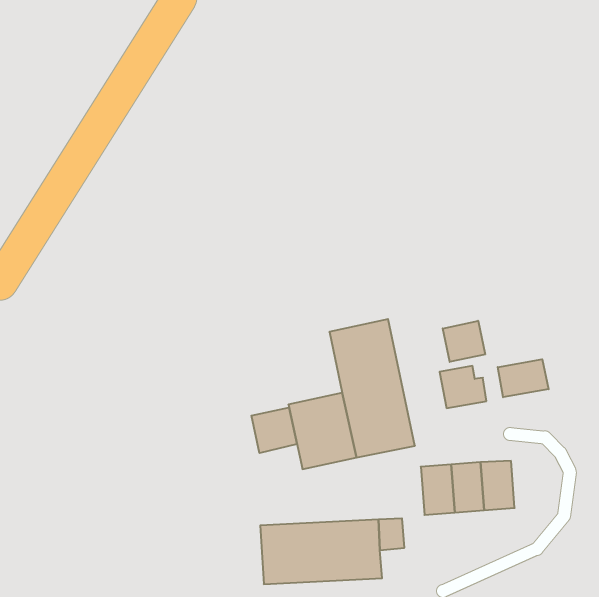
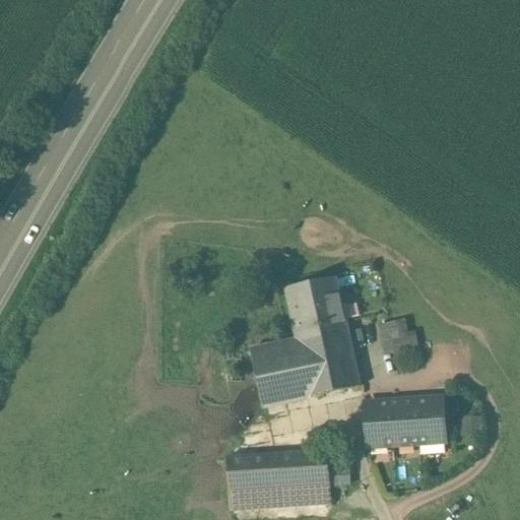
building: [443,321,485,362] -> none
building: [498,359,549,397] -> none
building: [251,407,297,453] -> none

